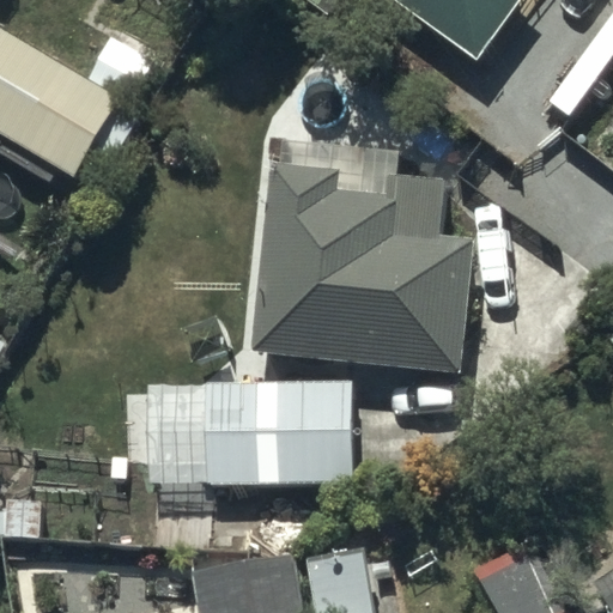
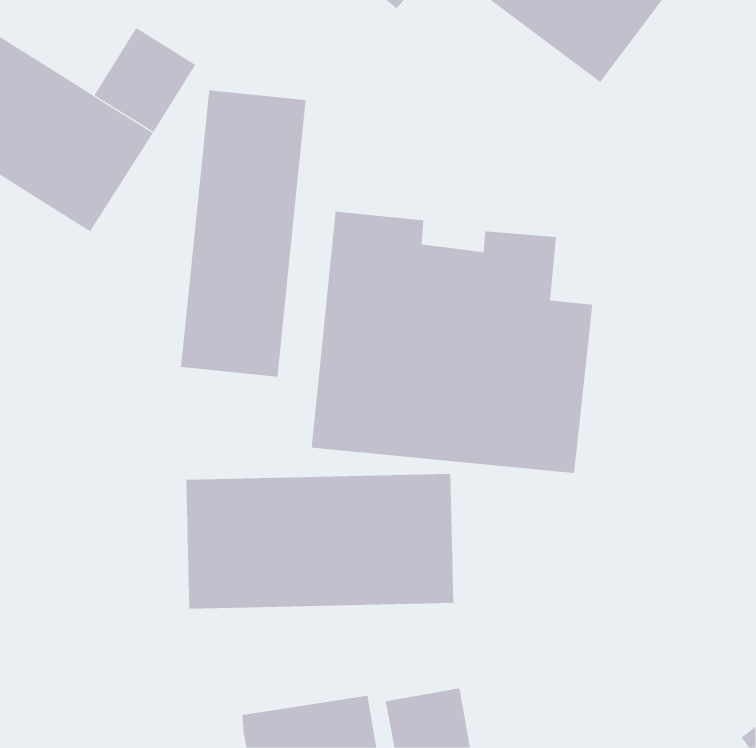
building: none -> [181,90,306,378]

